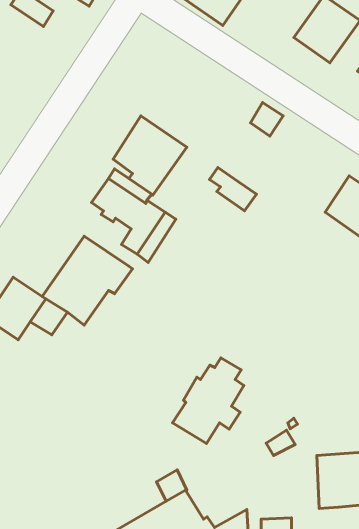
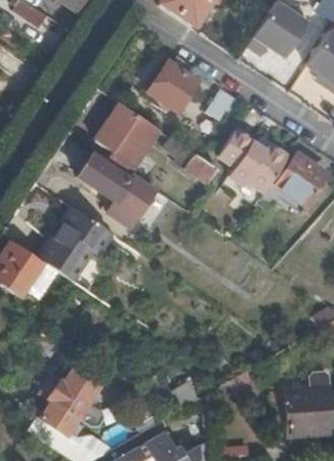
building: none -> [149,55,200,112]
building: none -> [216,127,291,195]
building: [173,358,244,443] -> [40,363,100,435]

